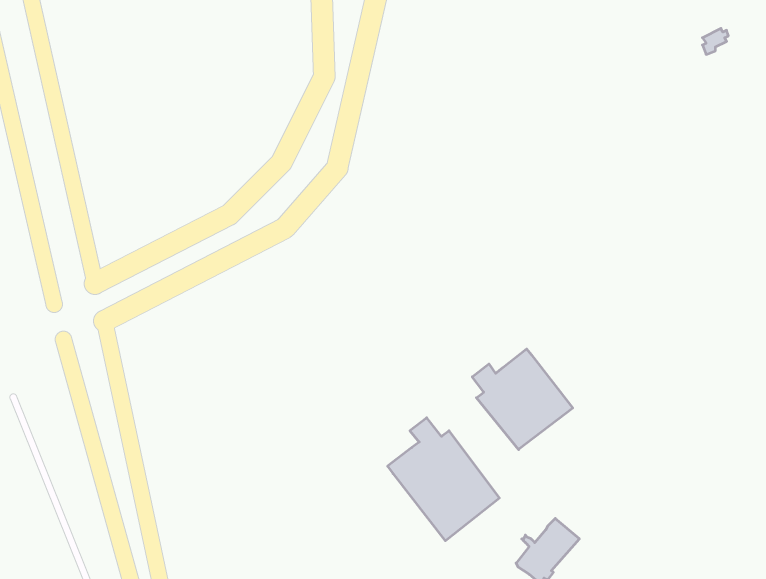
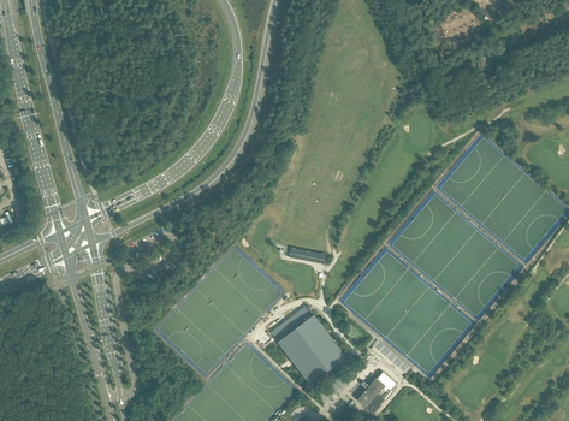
building: [472,349,573,450] -> none

